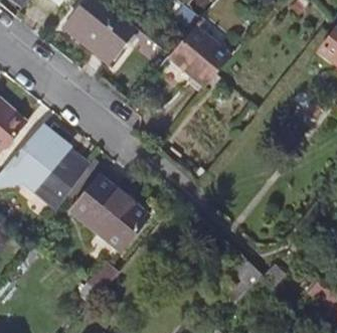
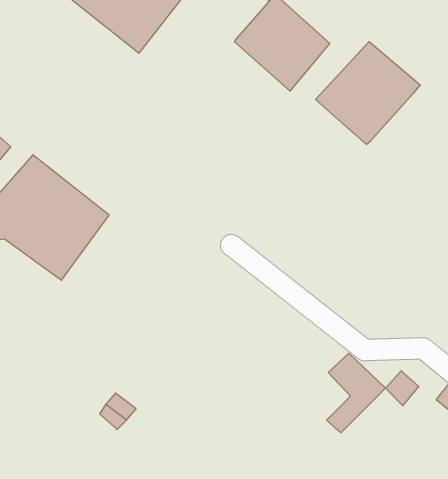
building: none -> [316,42,420,145]
building: [70,176,148,249] -> none

